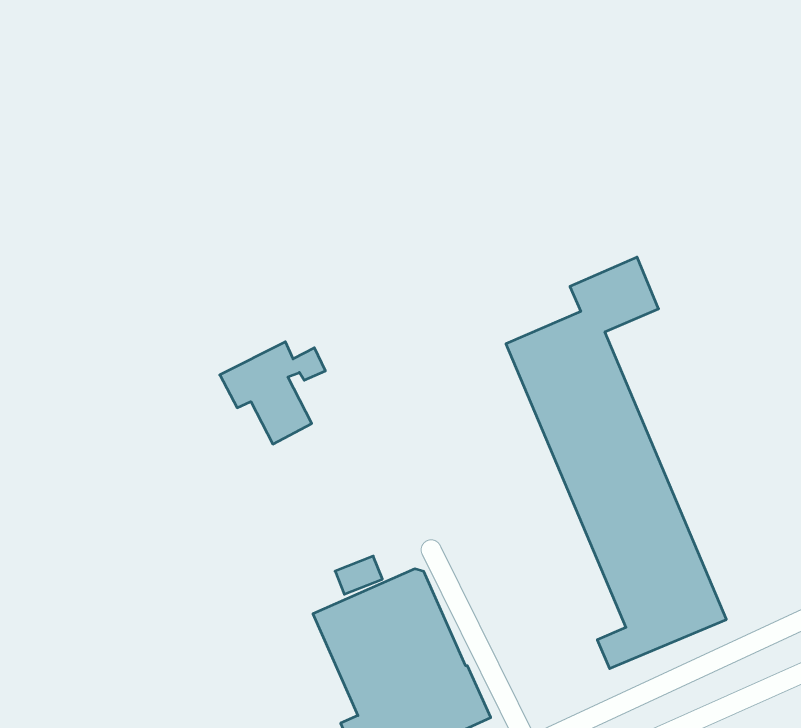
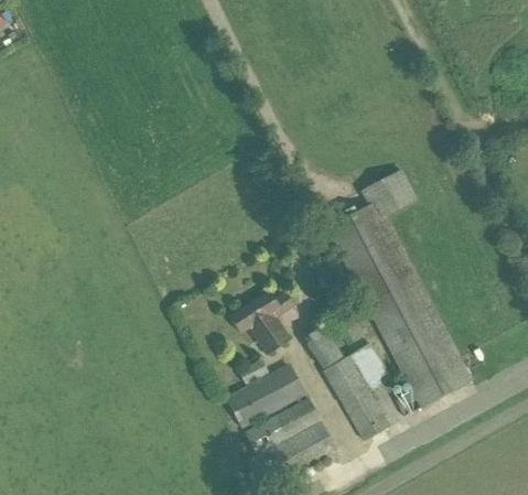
building: [220,342,325,444] -> [229,291,292,353]
building: none -> [305,309,389,440]

